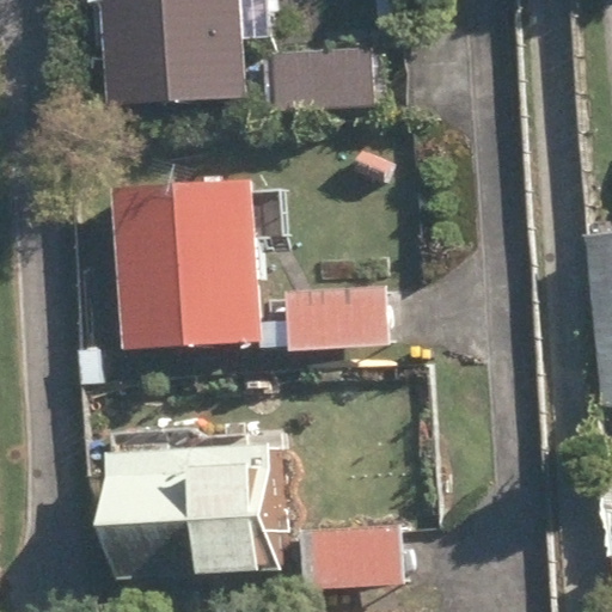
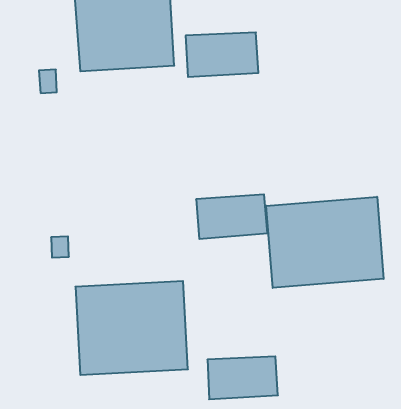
building: [122,183,271,349] -> none
building: none -> [266,197,384,288]

